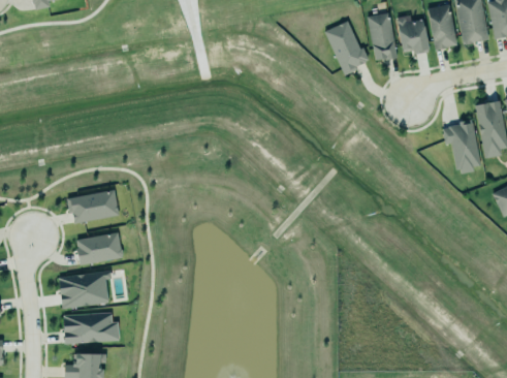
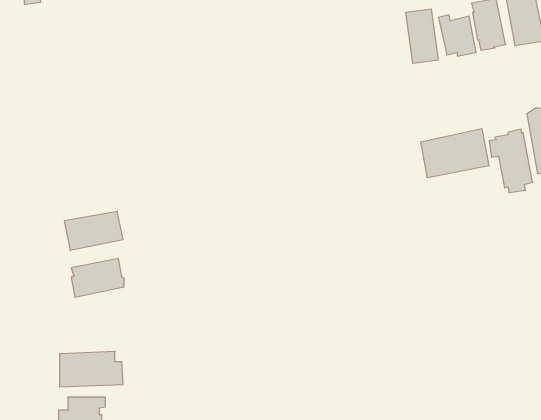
building: [322,20,368,74] -> none
building: none -> [421,129,489,178]
building: [57,269,110,309] -> none

